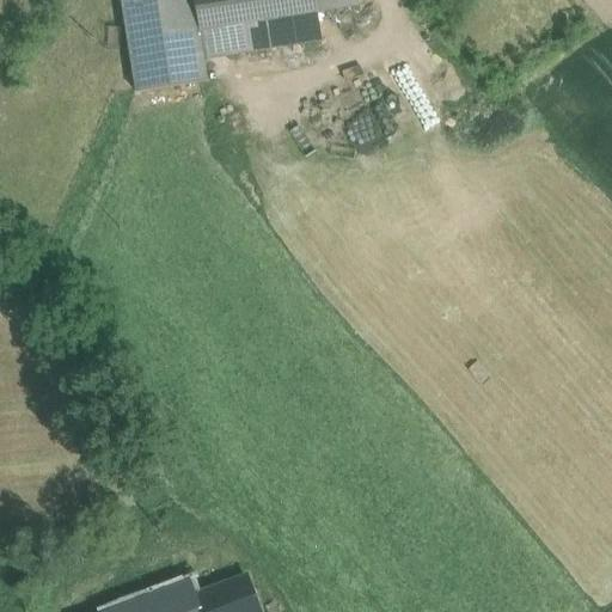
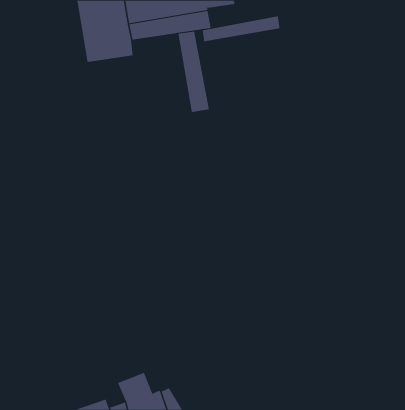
building: none -> [202,16,280,42]
building: none -> [178,31,210,113]

